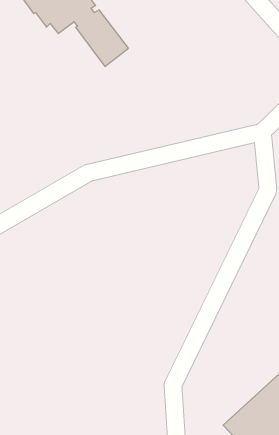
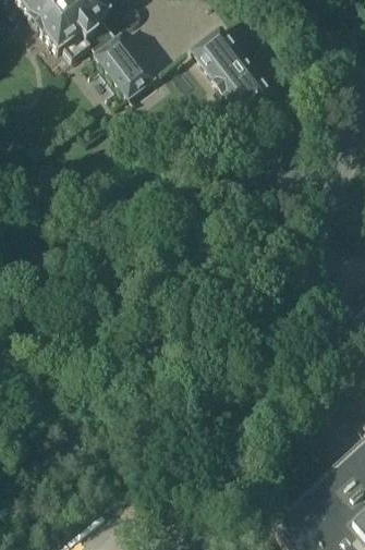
building: none -> [192,24,278,121]

